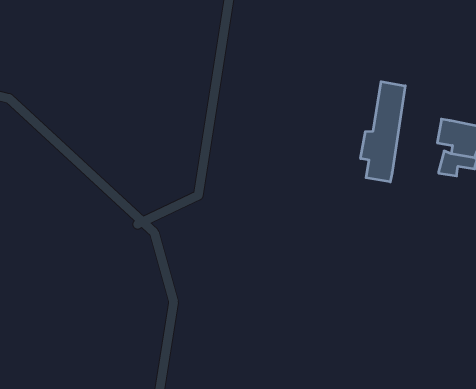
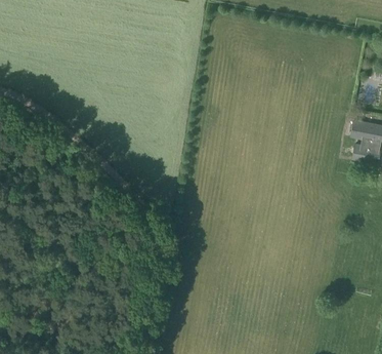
building: [361,82,405,182] -> none

